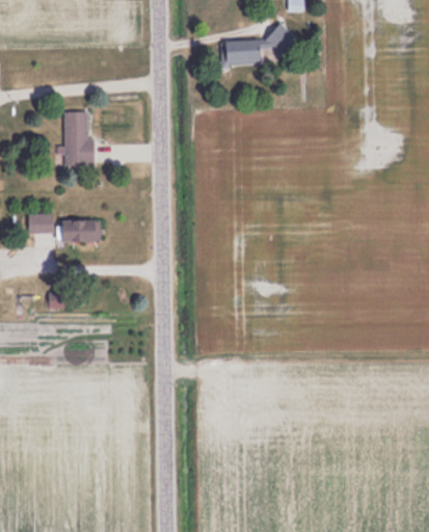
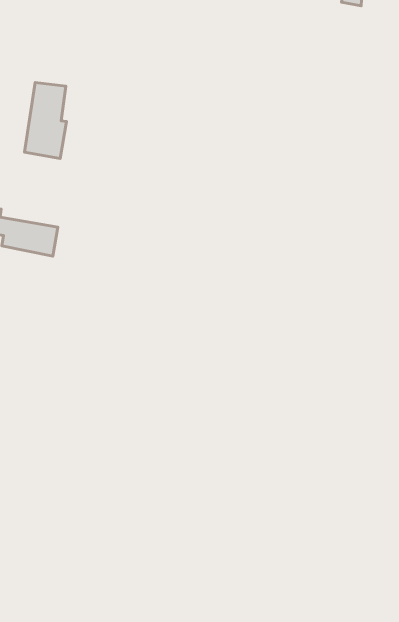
building: [221,35,288,64] -> none

